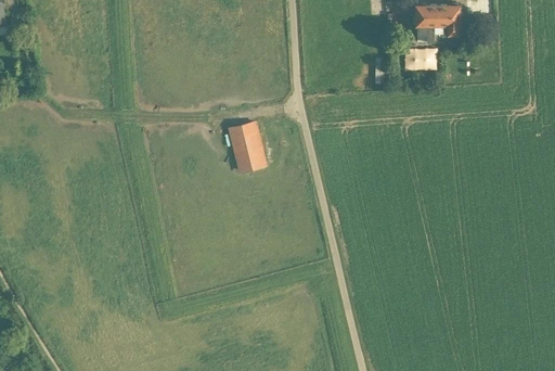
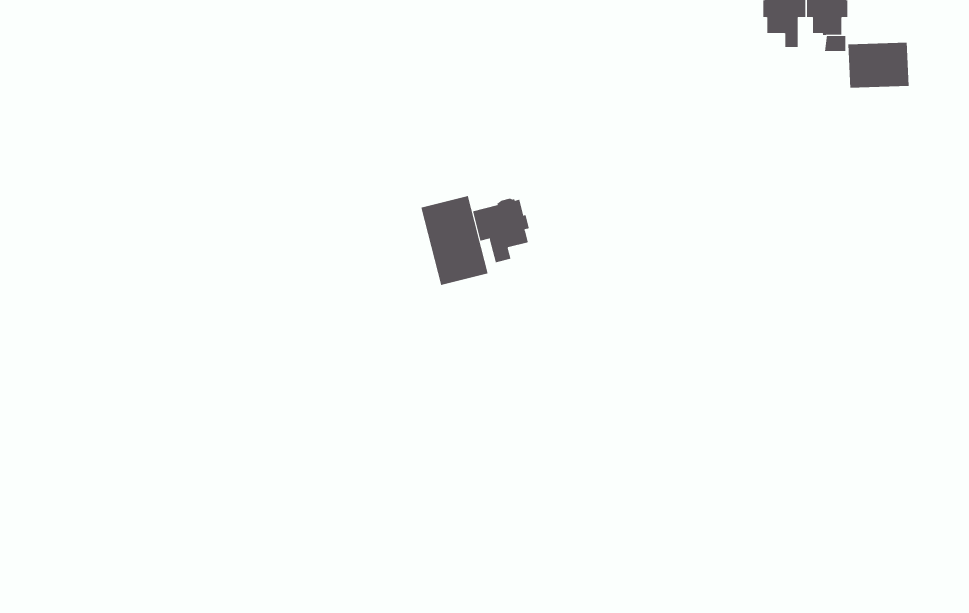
building: [404,47,438,72] -> [848,42,910,88]
building: none -> [472,198,530,263]

